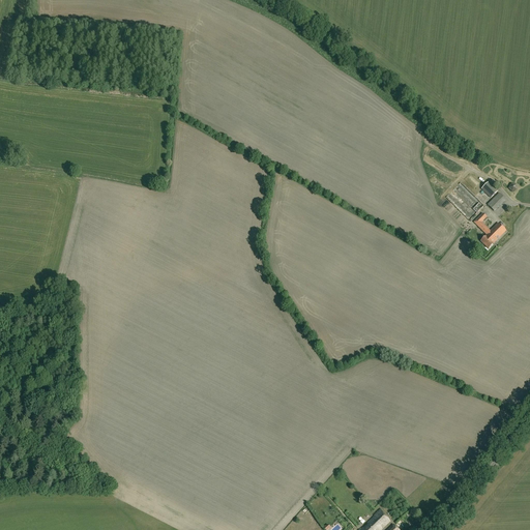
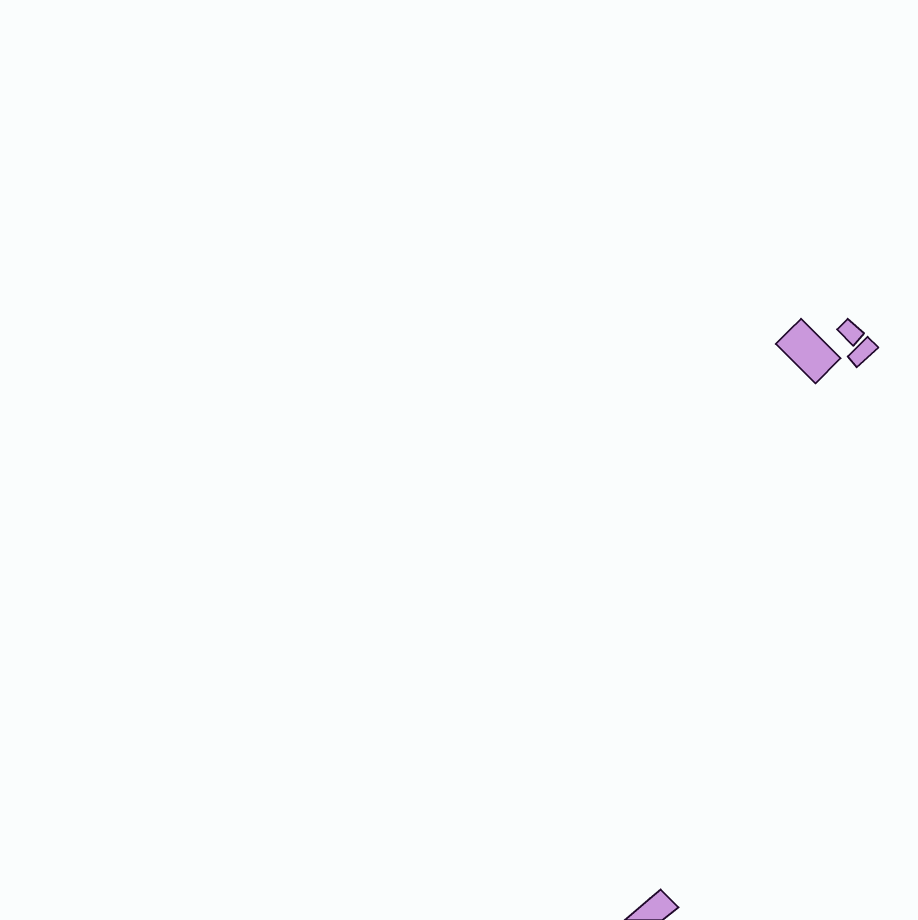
building: [475,214,507,249] -> none

